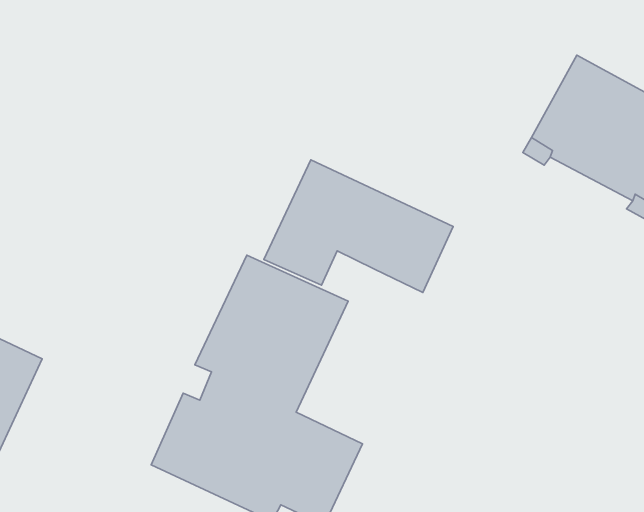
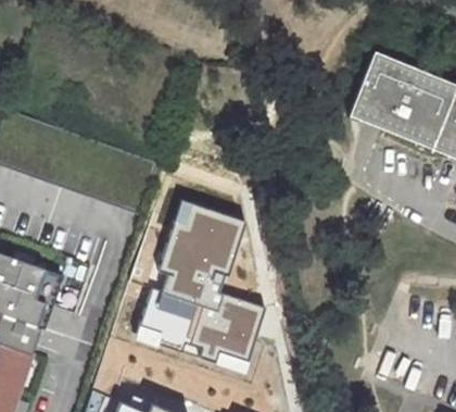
building: [264,160,453,292] -> none

